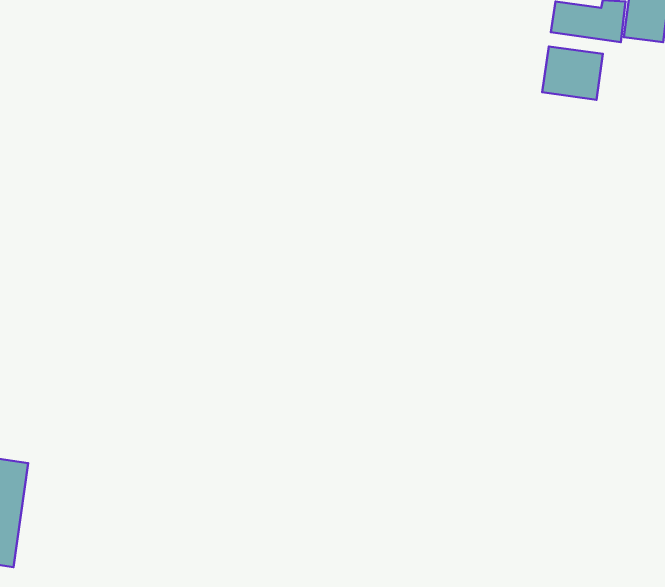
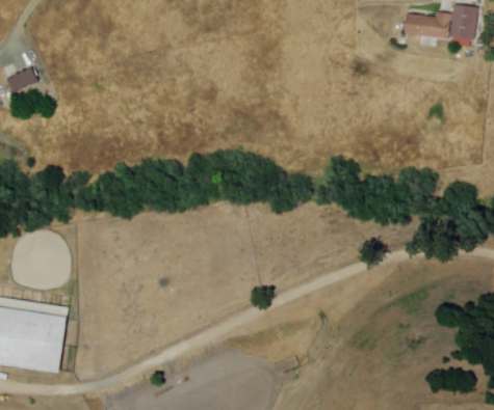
building: [542,46,603,100] -> none

